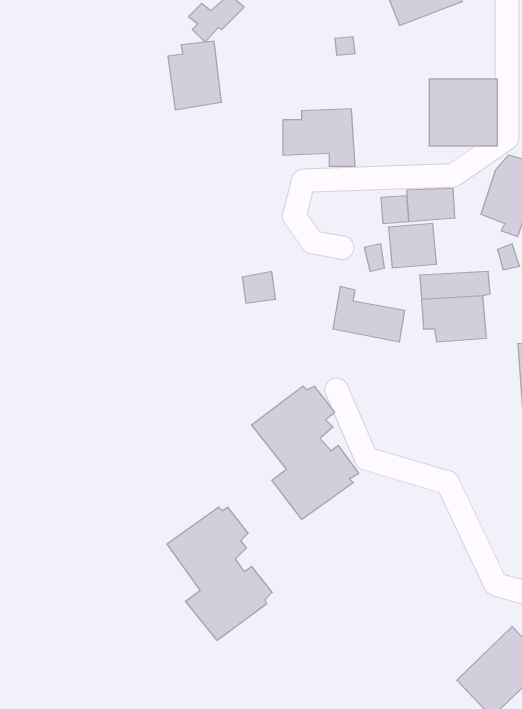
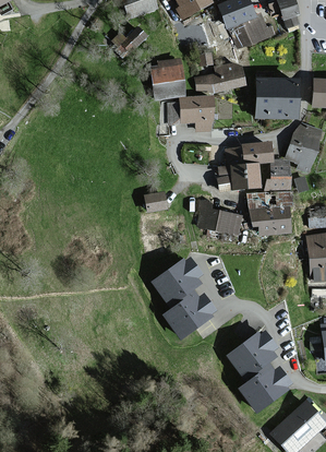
building: [168,41,222,110] -> [152,59,183,99]
building: none -> [196,62,243,91]
building: none -> [267,159,288,190]
building: [167,507,272,640] -> [227,333,289,412]

